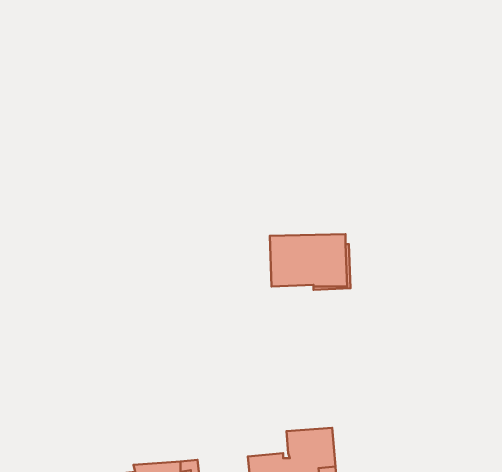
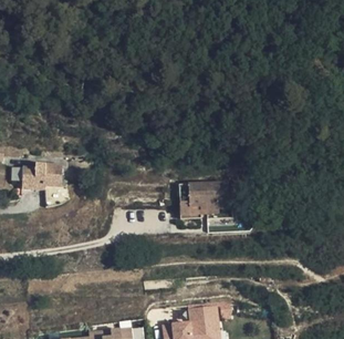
building: none -> [22,162,62,186]

